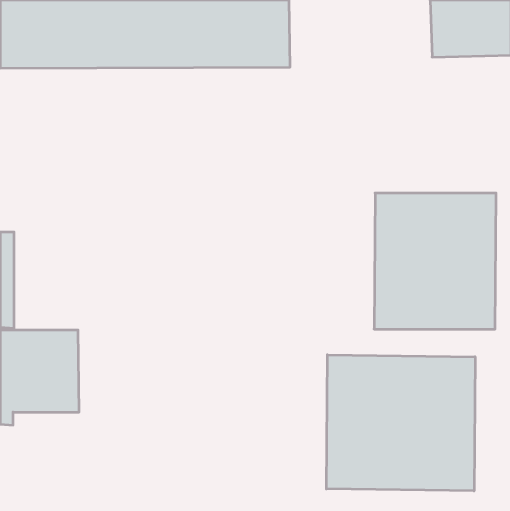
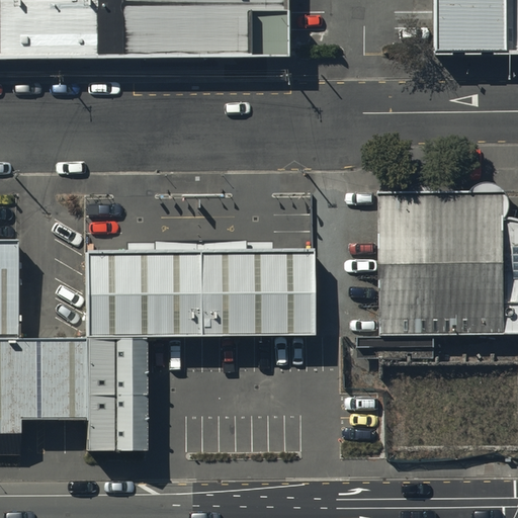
building: none -> [84,247,311,334]
building: none -> [83,344,145,450]
building: [326,355,475,491] -> none

